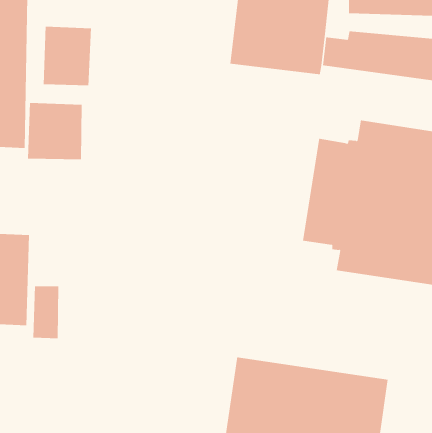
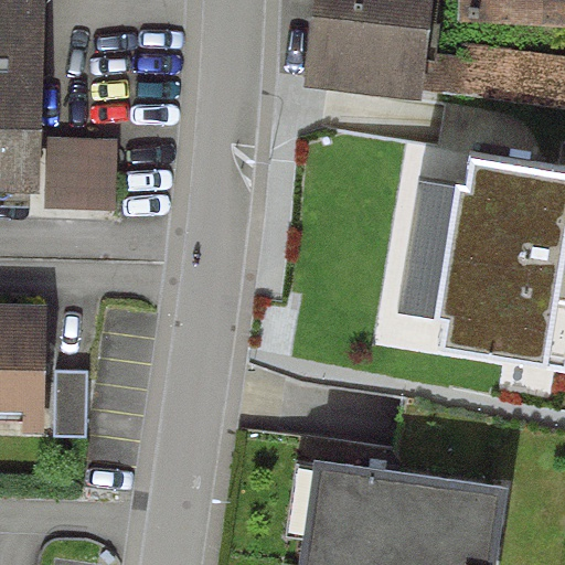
building: [43,26,91,86] -> none

